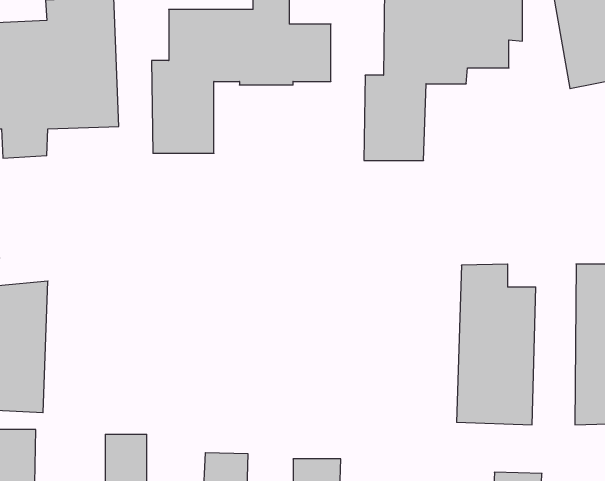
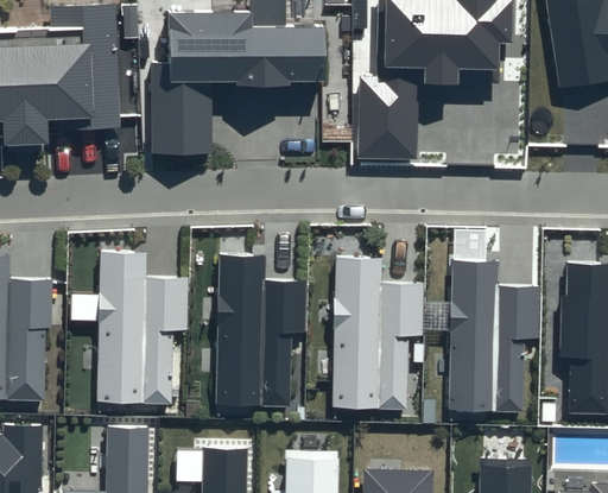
building: none -> [97,248,177,410]
building: none -> [216,252,293,411]
building: none -> [334,255,407,413]

